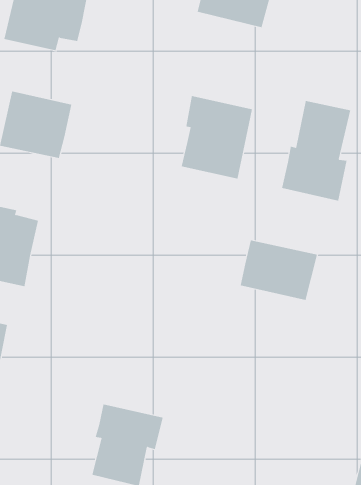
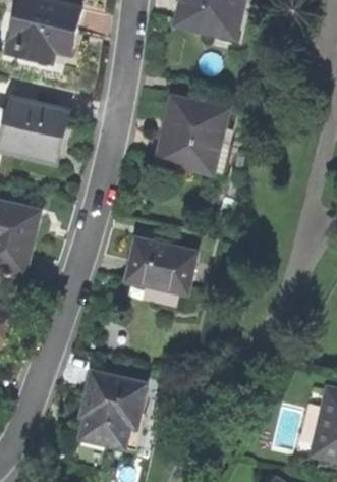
building: [282,100,351,201] -> none
building: [240,240,318,300] -> [127,243,196,297]

